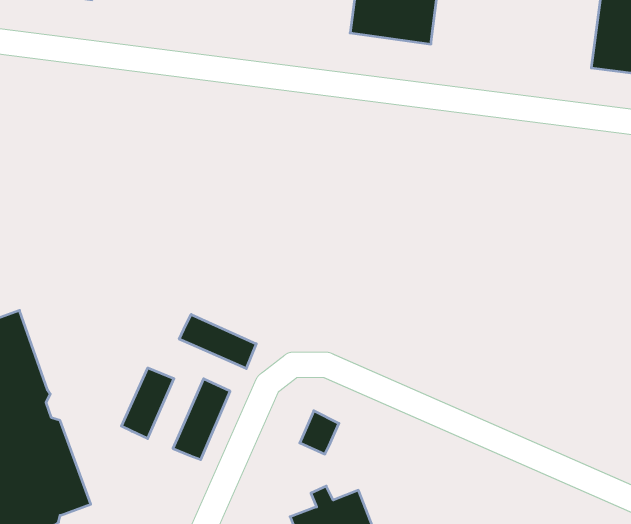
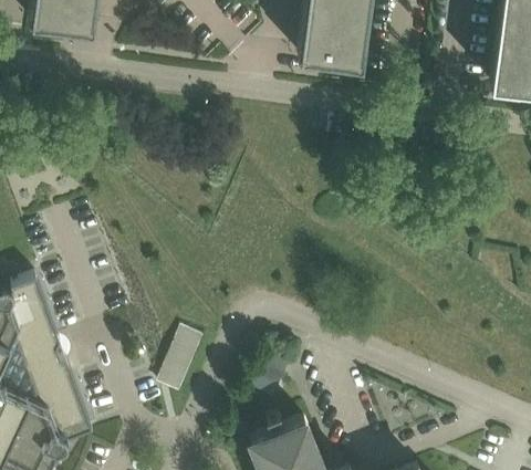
building: [179,314,256,369] -> none
building: [121,368,174,439] -> none

